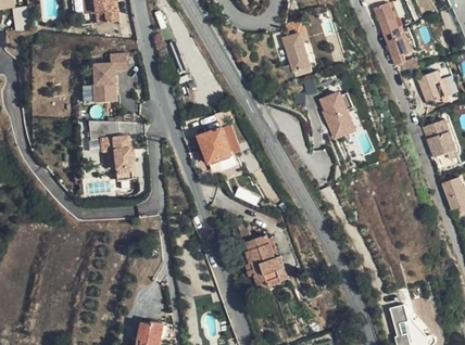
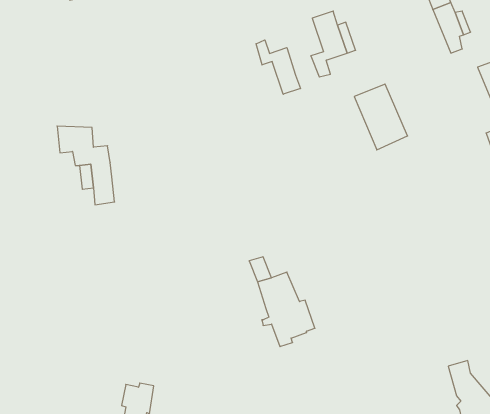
building: [97,53,130,101] -> none
building: none -> [256,40,300,94]
building: [198,126,232,163] -> none

